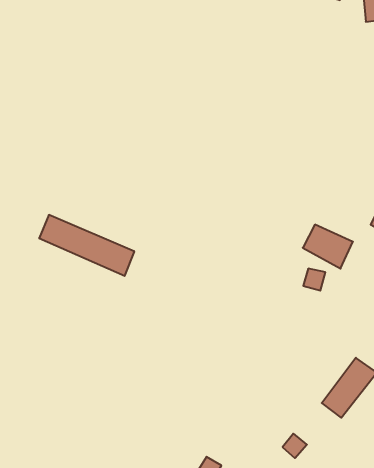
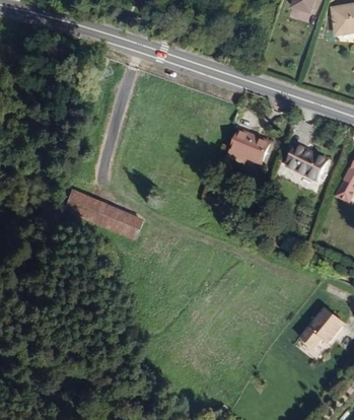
building: none -> [226,129,271,163]
building: [303,225,353,269] -> [285,145,327,182]

